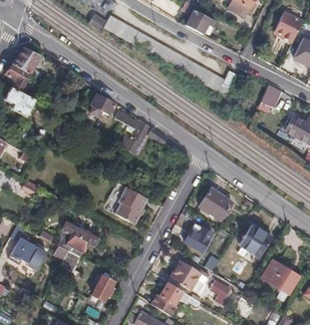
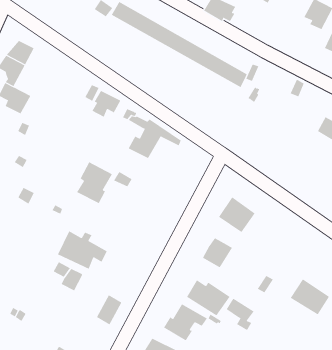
building: [114,186,146,223] -> [76,162,113,204]
building: [240,225,271,257] -> none
building: [11,237,47,269] -> none

